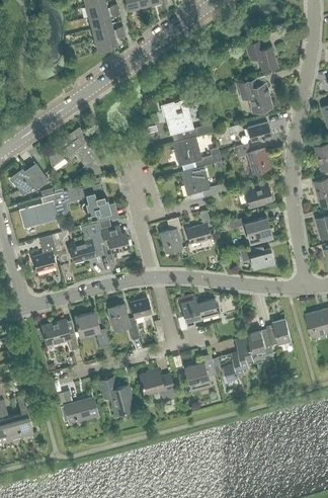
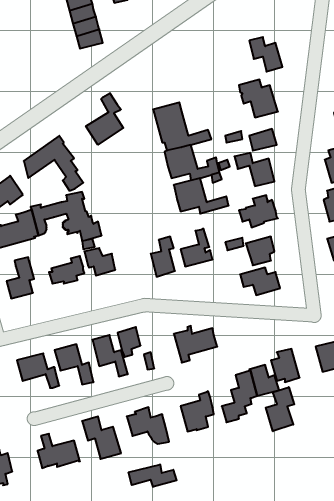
building: none -> [86,93,123,145]
building: none -> [266,387,294,431]
building: none -> [129,464,177,487]

